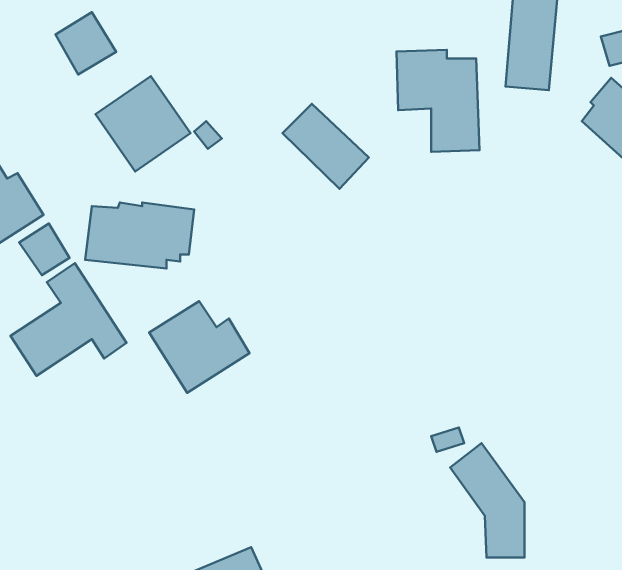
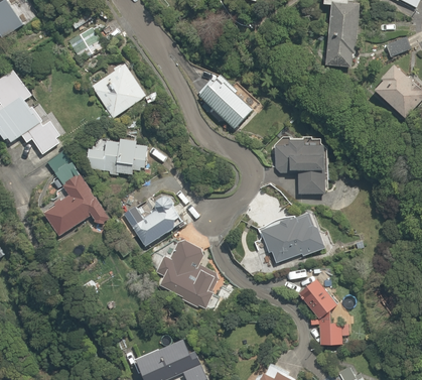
building: [397,50,480,152] -> [276,137,324,197]
building: none -> [261,211,322,265]
building: none -> [157,238,216,308]

